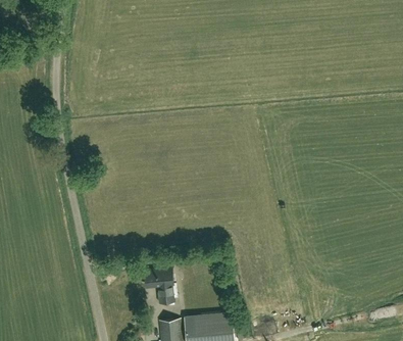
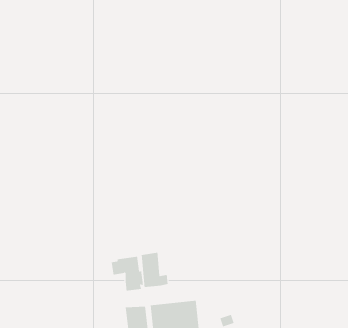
building: none -> [141,252,168,288]

